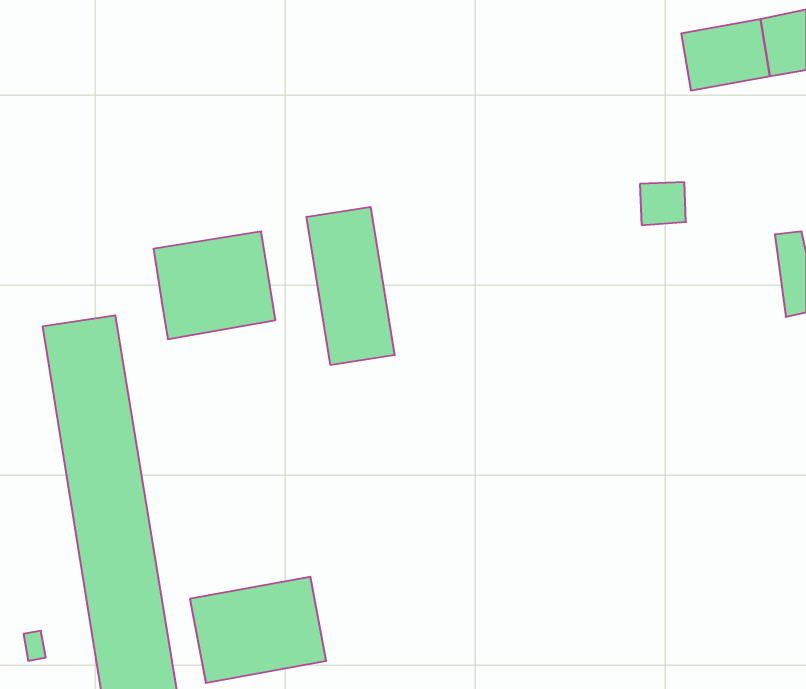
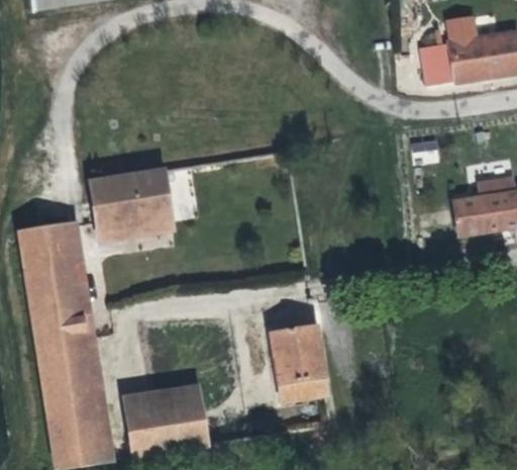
building: [307,207,395,365] -> none
building: none -> [449,168,501,228]
building: none -> [270,326,325,403]

